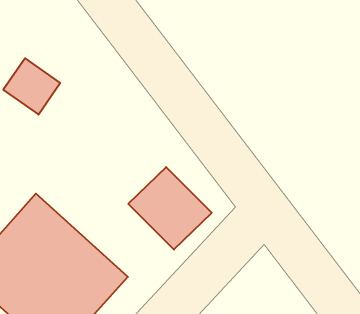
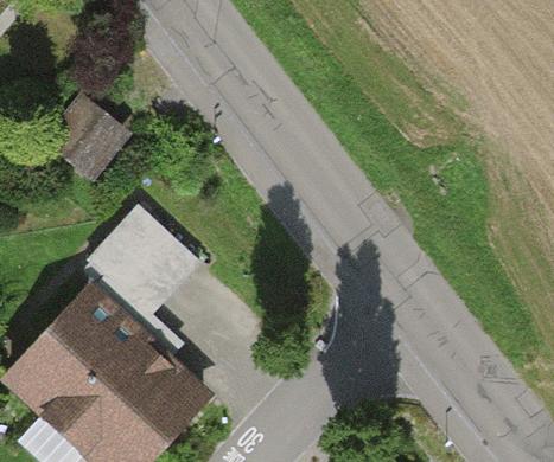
building: [128,167,212,250] -> [87,188,199,300]

